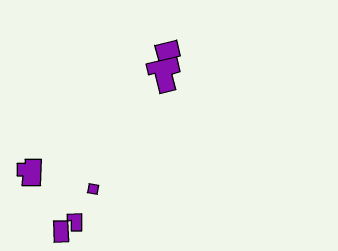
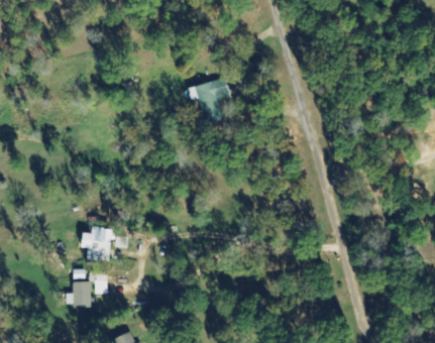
building: [155,40,180,61] -> none
building: [17,159,41,185] -> [82,228,112,260]

